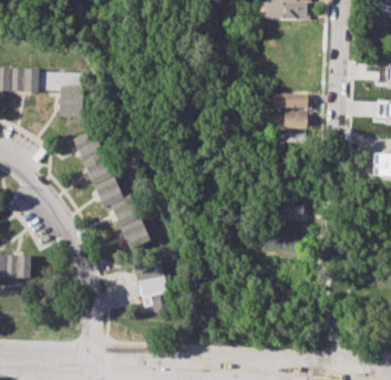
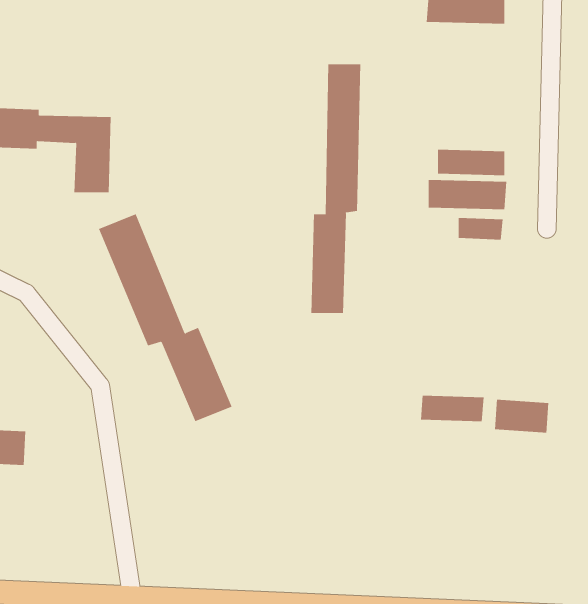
building: none -> [311,64,361,314]
building: [275,202,307,222] -> [494,399,549,433]
building: [132,257,168,307] -> none

